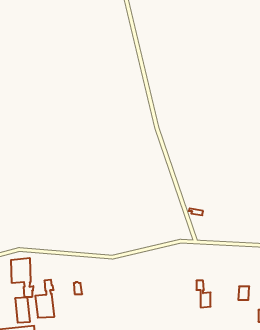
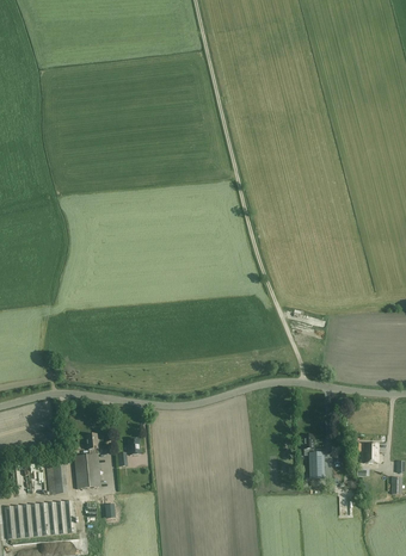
building: [11,258,33,297] -> none

